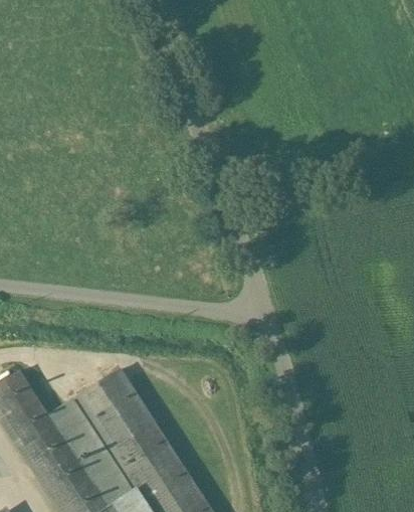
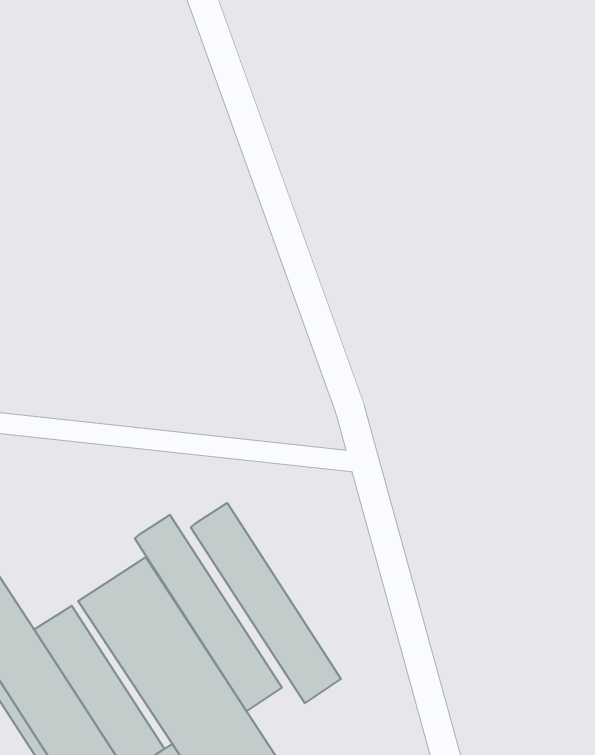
building: none -> [191,503,341,703]
building: none -> [135,515,282,711]

